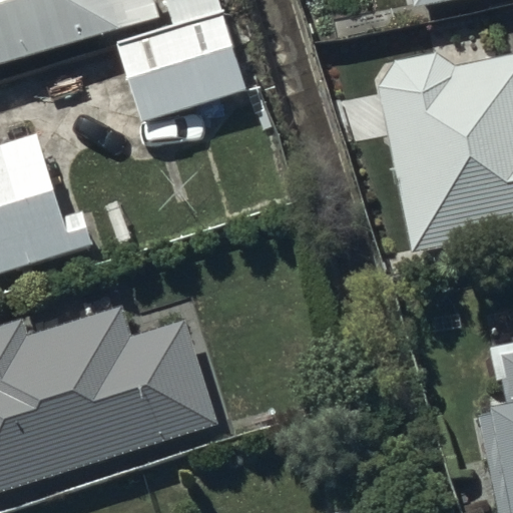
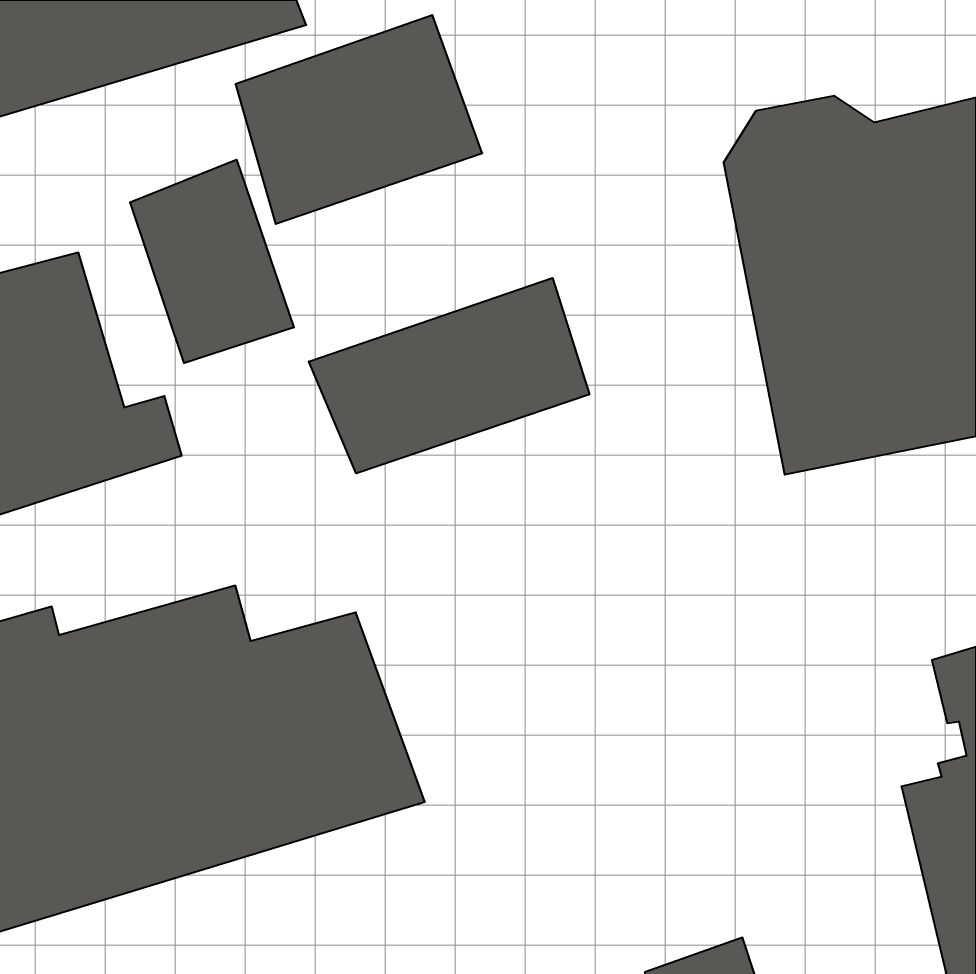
building: none -> [130,160,294,363]
building: none -> [309,278,589,473]

